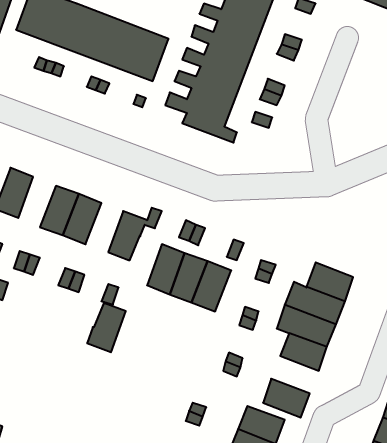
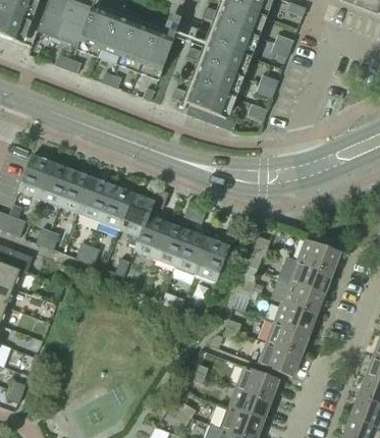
building: none -> [40,161,73,206]
building: none -> [100,184,133,228]
building: [87,302,126,352] -> [133,213,168,258]
building: none -> [266,321,309,354]

